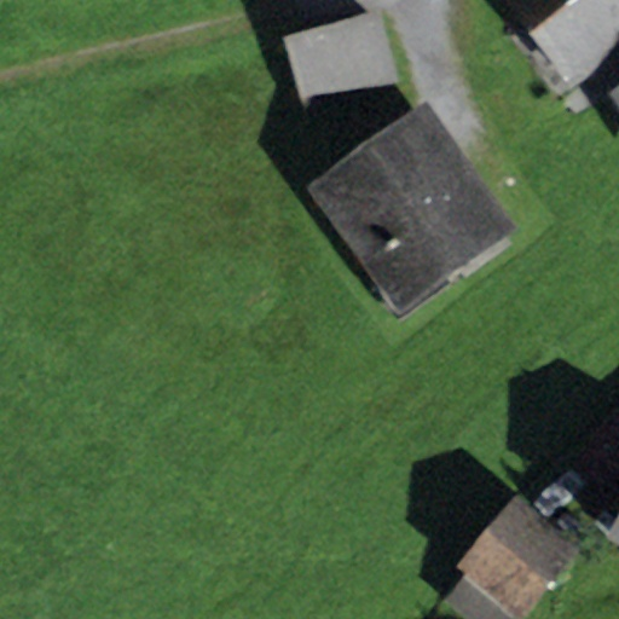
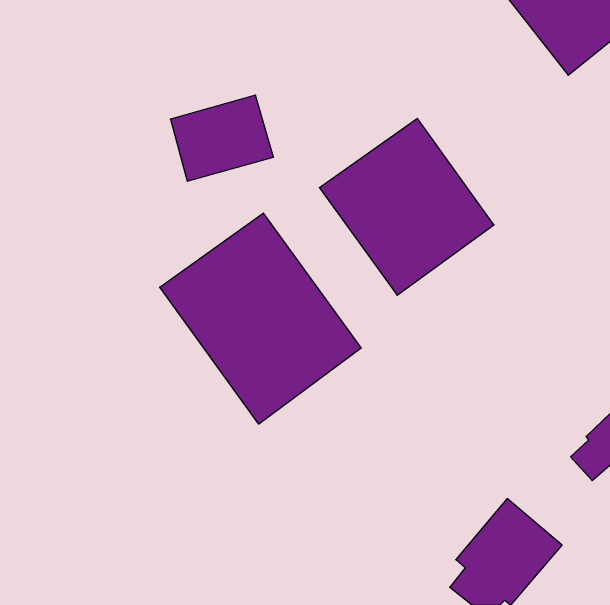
building: [290,15,394,102] -> [170,95,273,181]
building: none -> [160,213,361,424]

